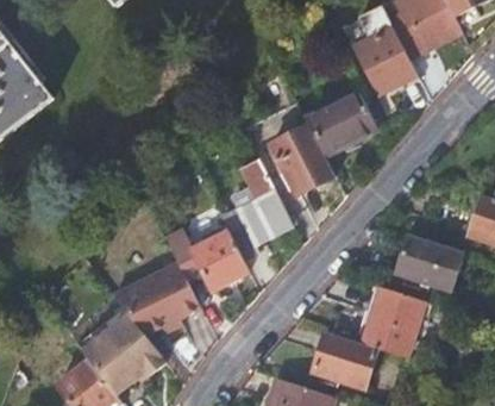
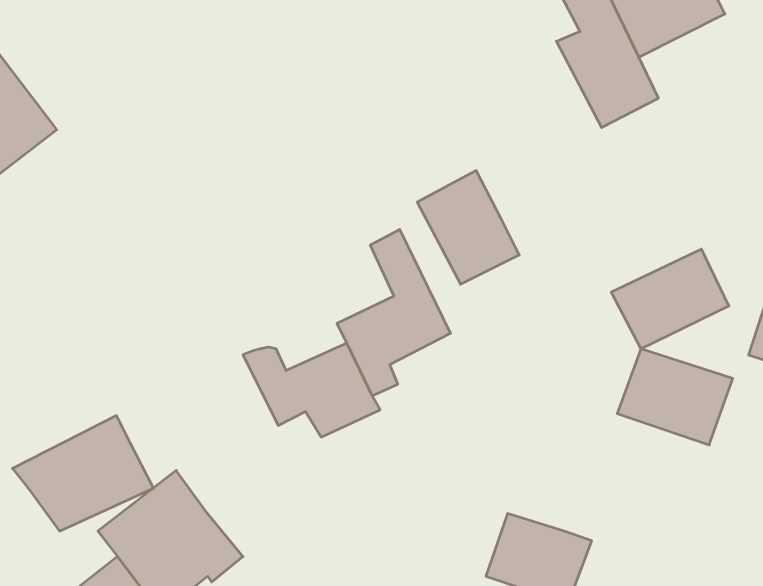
building: [303,94,375,155] -> [611,249,729,349]
building: [114,263,200,333] -> [12,416,154,531]
building: [359,287,424,358] -> none

